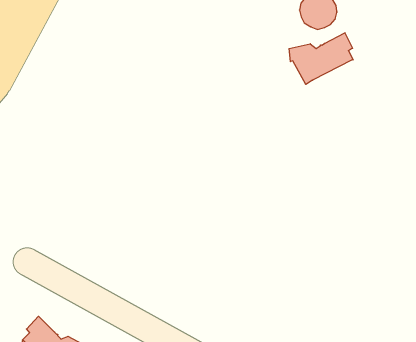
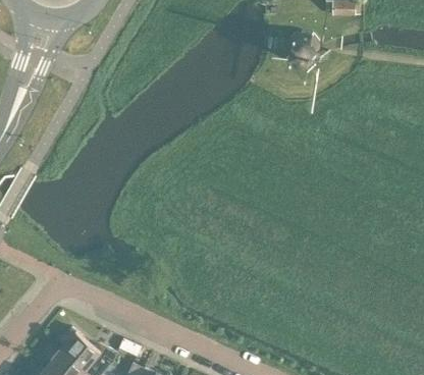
building: [289,33,353,84] -> none

